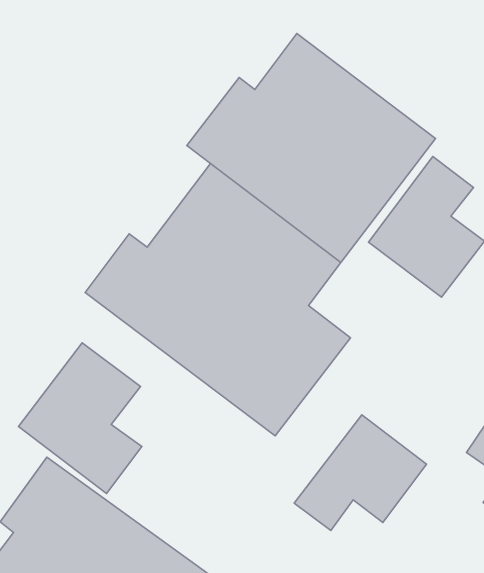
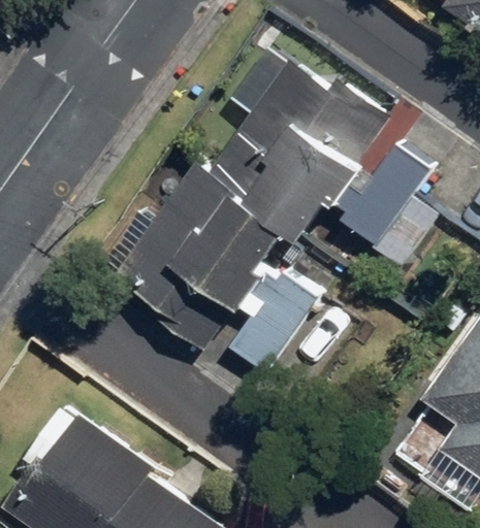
building: [19,343,142,494] -> none
building: [294,415,427,530] -> none

